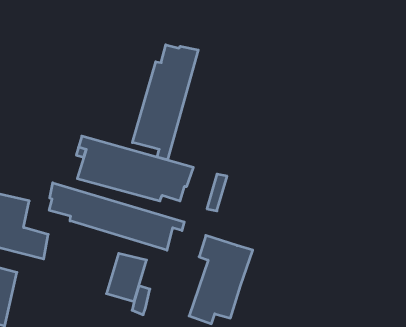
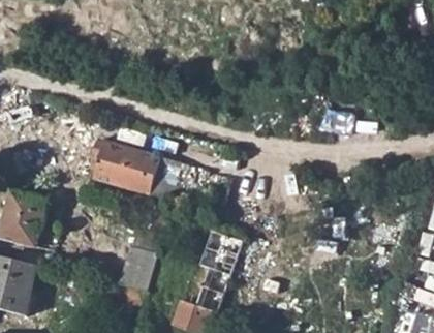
building: [132,45,198,160] -> none
building: [49,183,184,250] -> none

